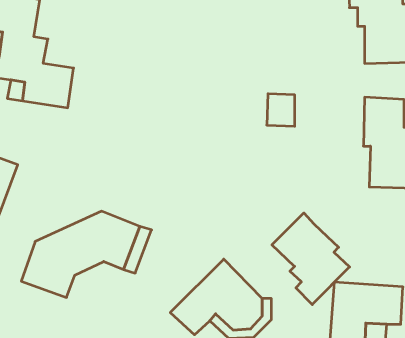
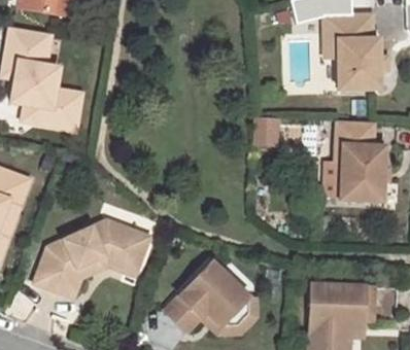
building: [272,213,350,305] -> none

